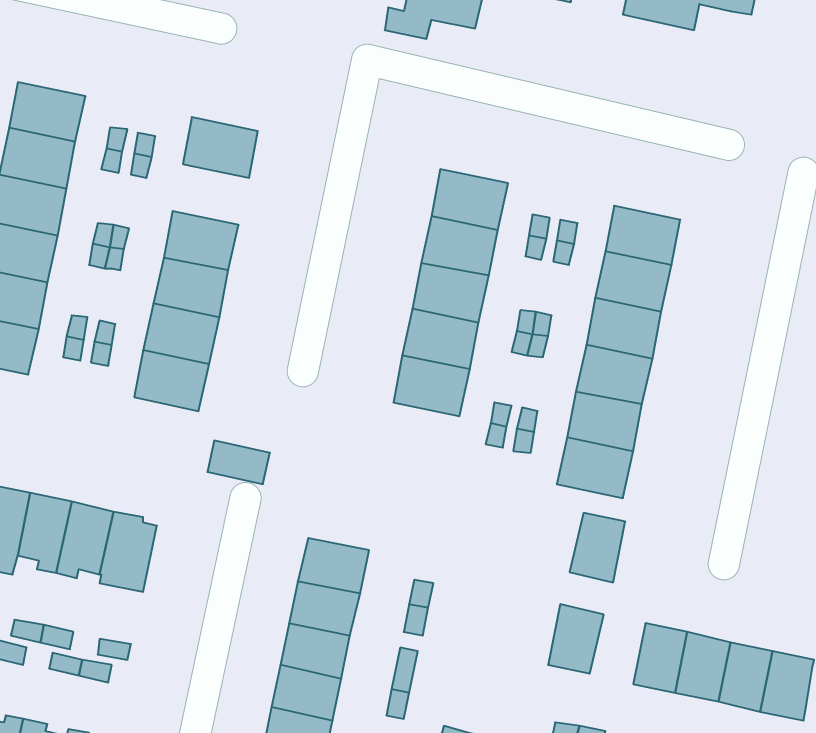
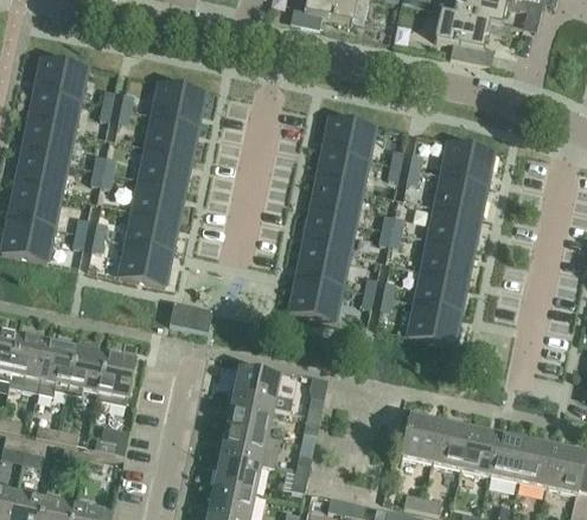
building: none -> [434,9,510,66]
building: none -> [146,115,198,156]
building: none -> [289,277,342,319]
building: [570,513,625,582] -> [430,422,468,469]

